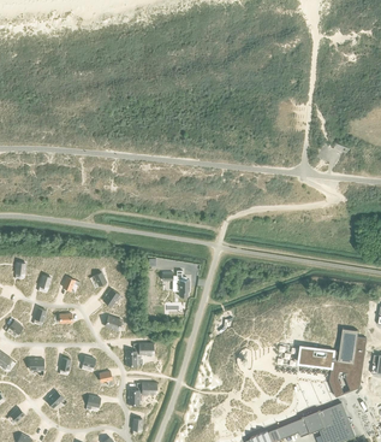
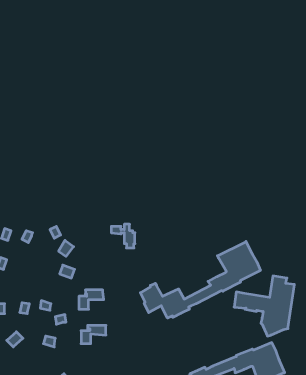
building: none -> [140,241,260,318]

